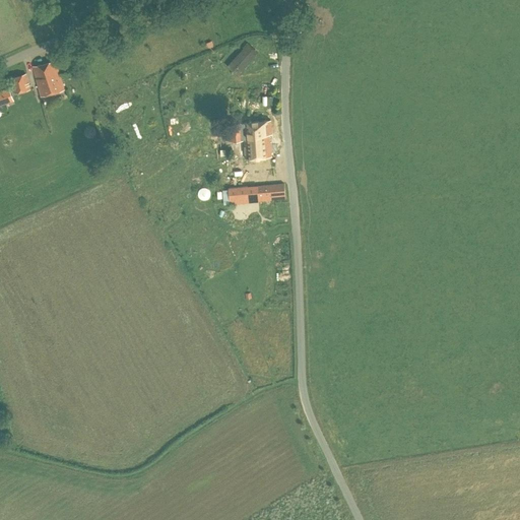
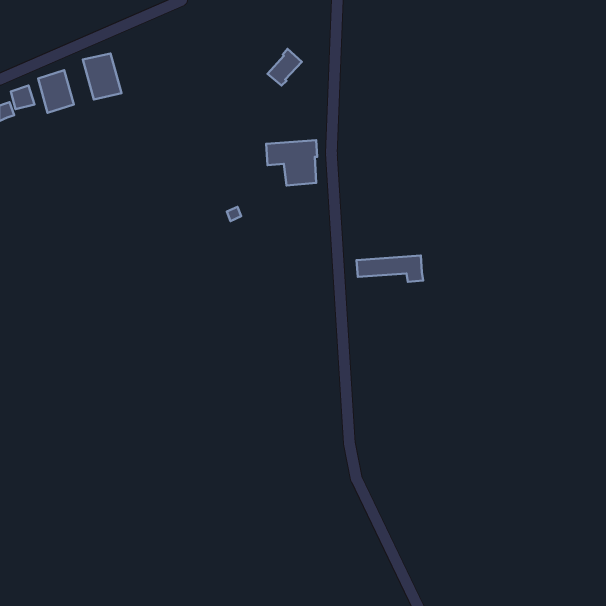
building: none -> [83,53,121,100]
building: [228,185,284,207] -> [357,256,423,282]

